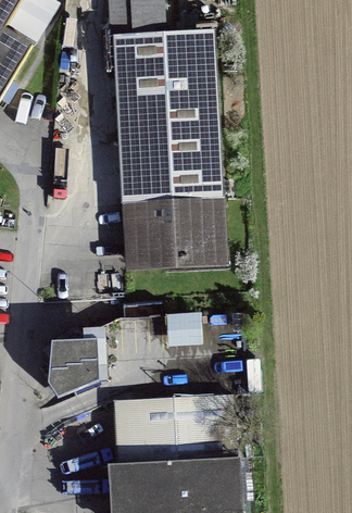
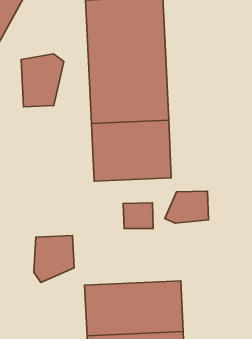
building: none -> [21,54,64,107]
building: none -> [165,191,209,223]

